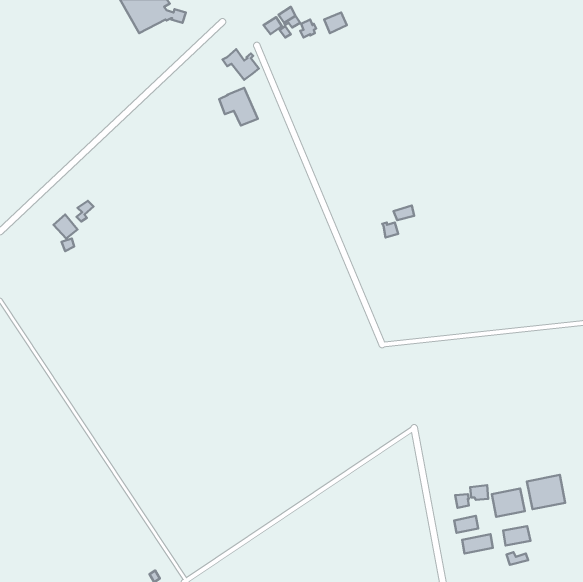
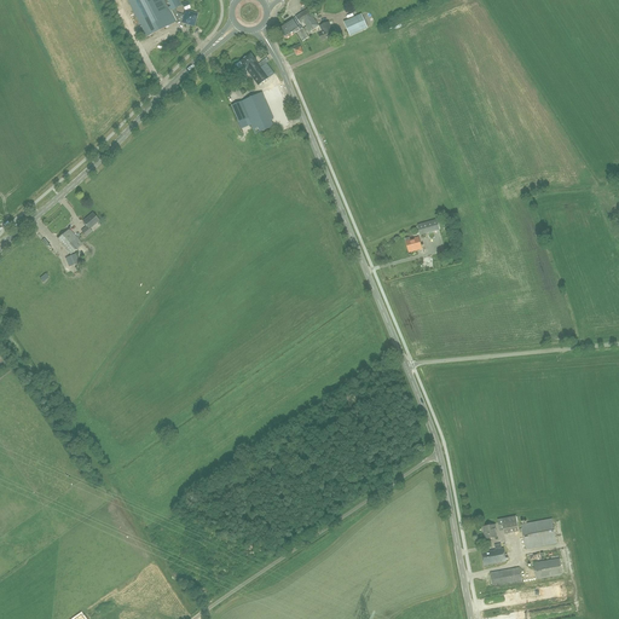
building: [527,475,565,509] -> none

